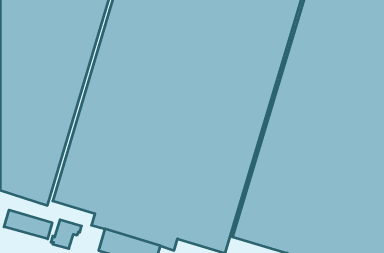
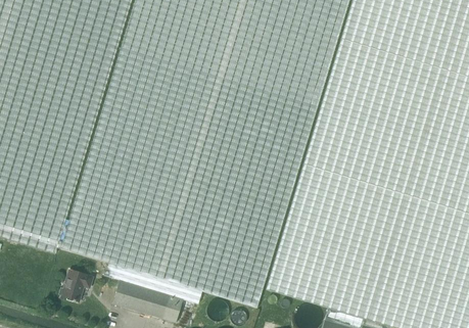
building: [4,210,52,239] -> none

